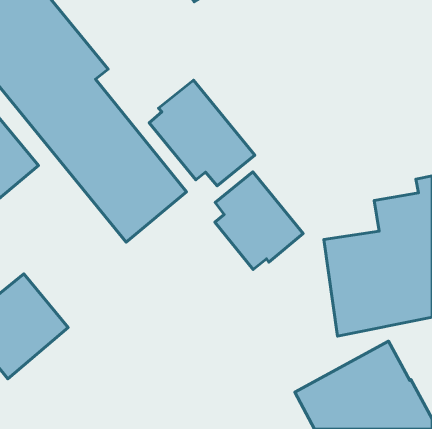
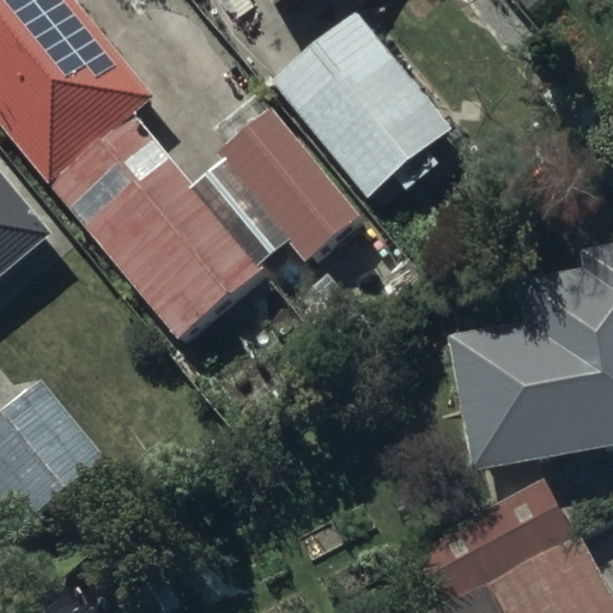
building: none -> [271,11,454,199]
building: [215,172,303,269] -> none

